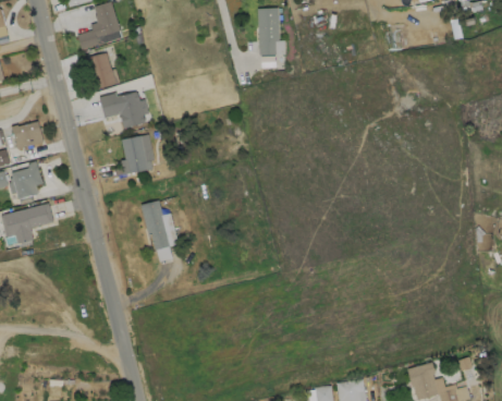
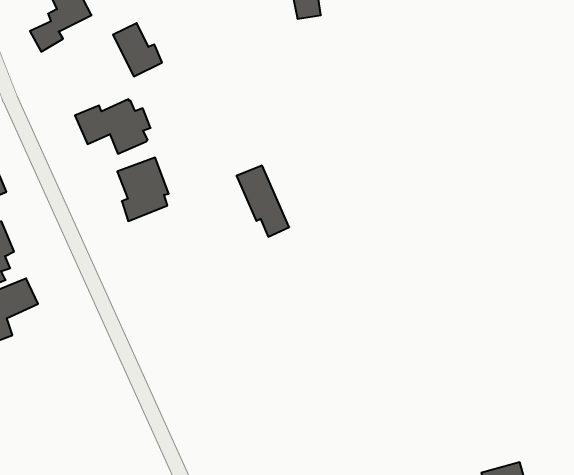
building: [89,53,120,89] -> [113,23,162,76]
building: [140,202,171,251] -> [236,166,289,237]

